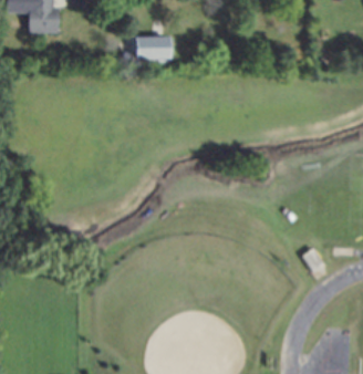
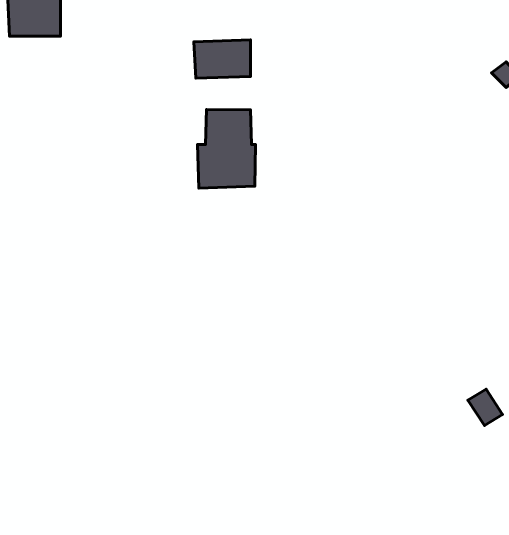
building: none -> [198,110,256,188]

